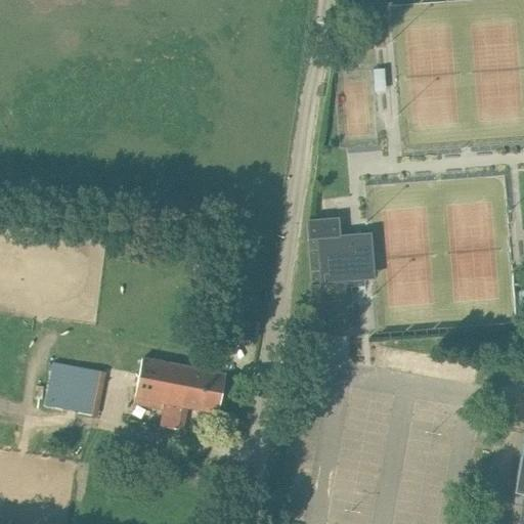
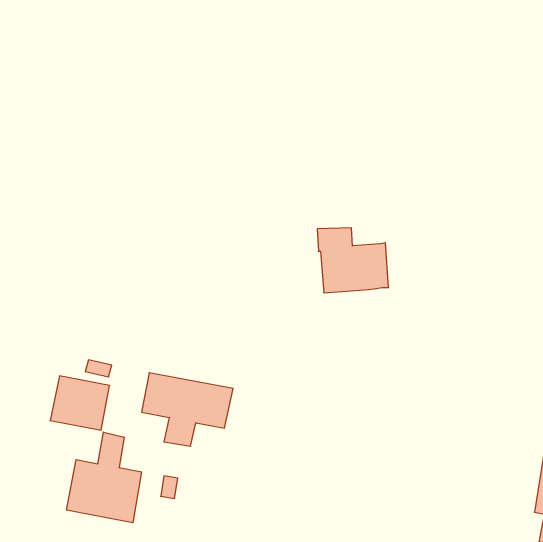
building: none -> [66,432,142,523]

